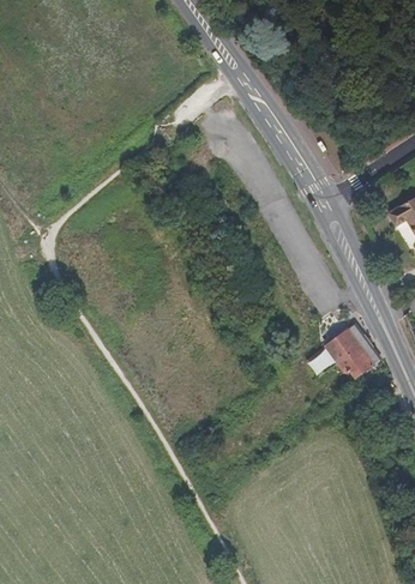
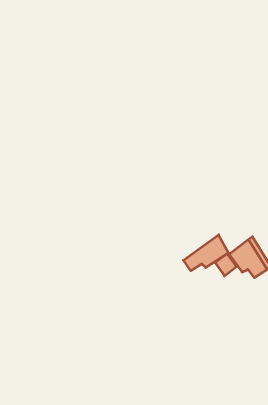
building: none -> [183,235,228,271]

